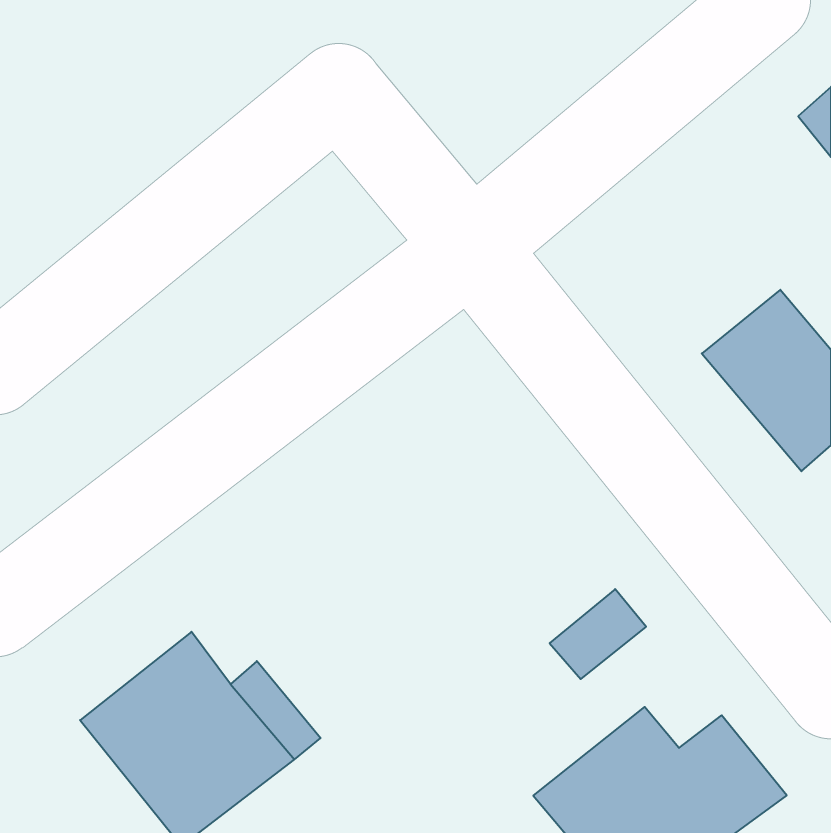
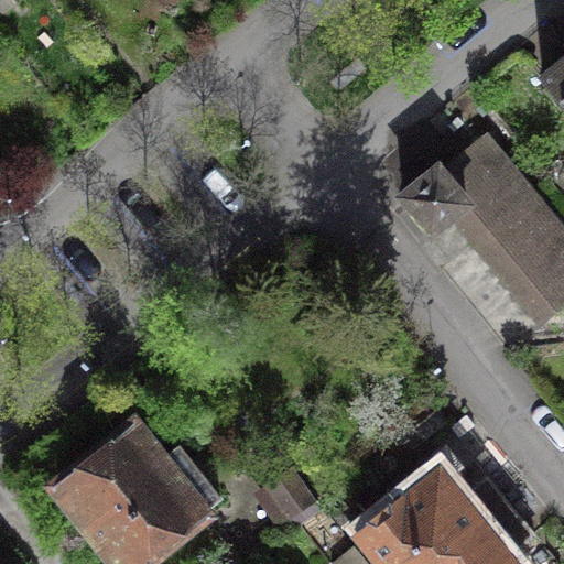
building: none -> [399,141,525,240]

